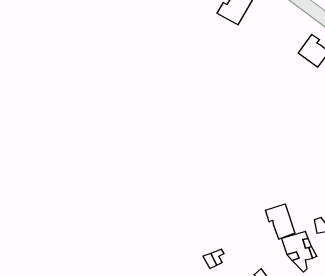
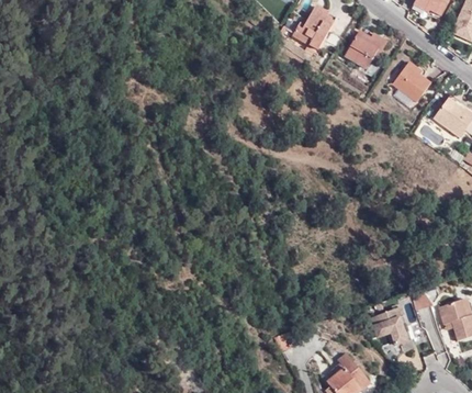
building: none -> [346,25,386,68]
building: [266,204,295,239] -> none

